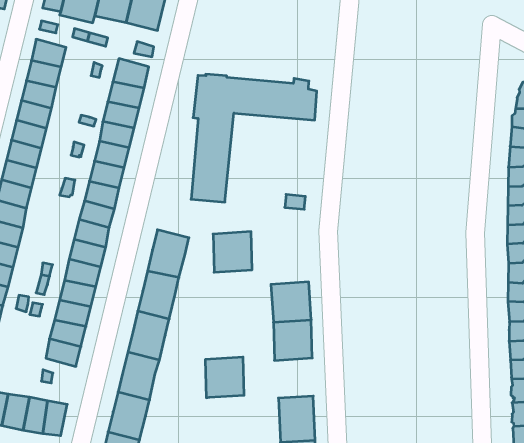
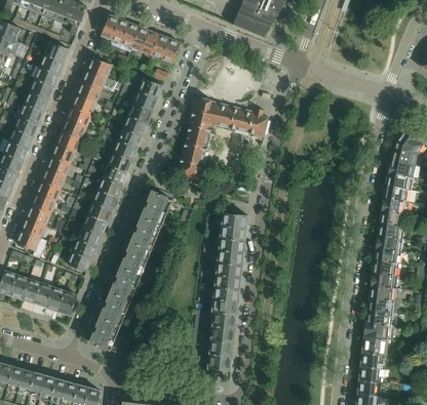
building: [213,232,252,272] -> [220,213,247,240]
building: [205,357,244,398] -> [211,287,239,314]

